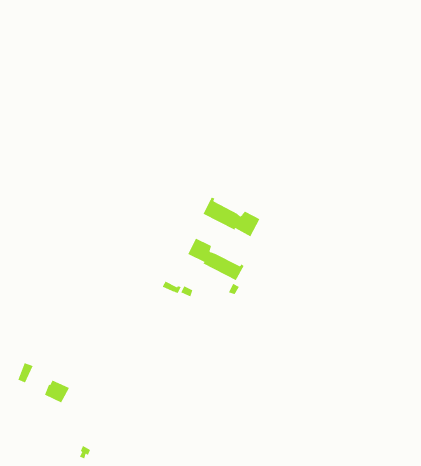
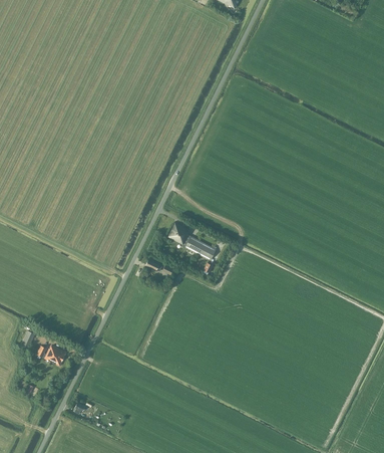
building: [203,197,260,237] -> none

